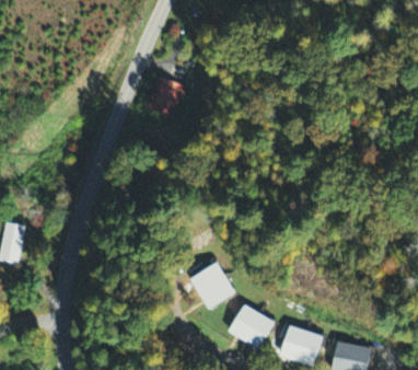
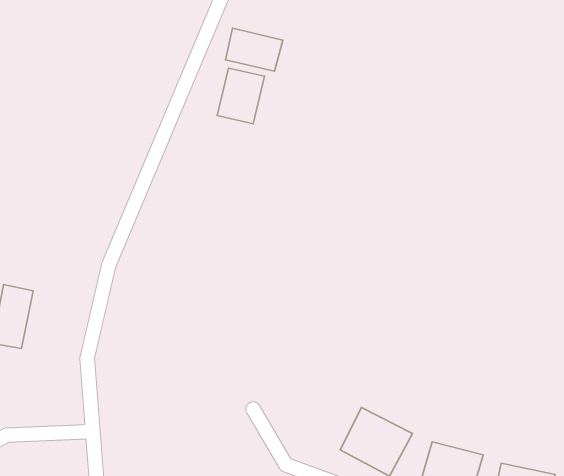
building: none -> [226,28,283,71]
building: [190,263,236,310] -> none

